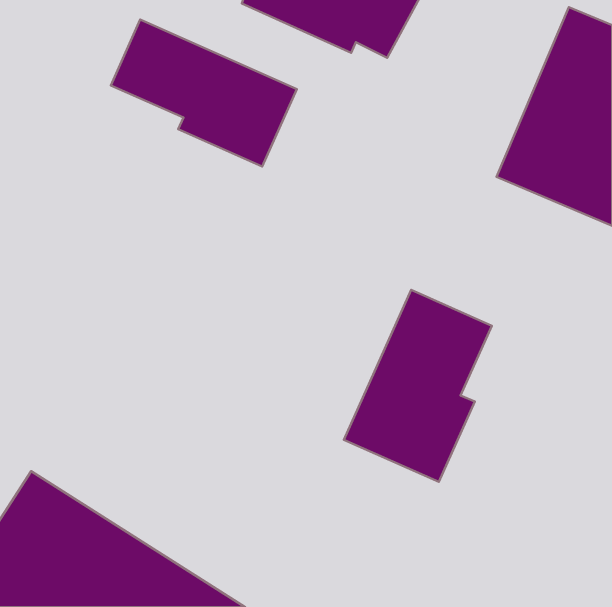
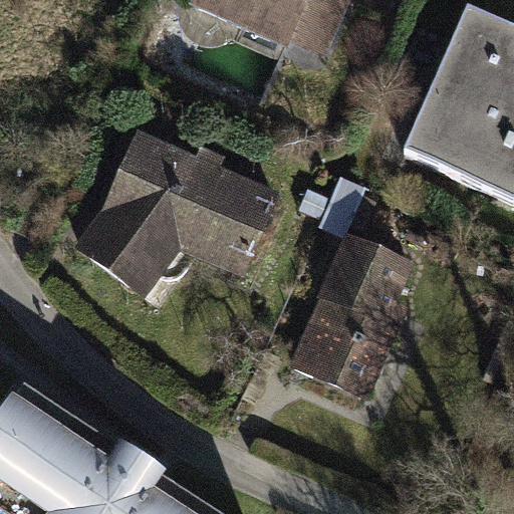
building: [111,20,297,166] -> none
building: none -> [72,133,278,302]

